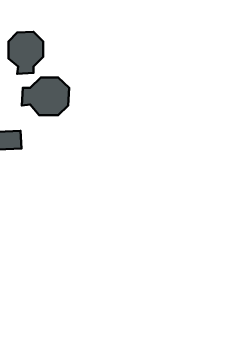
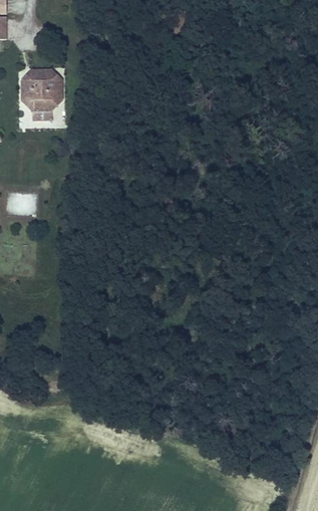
building: [22,77,69,115] -> none

